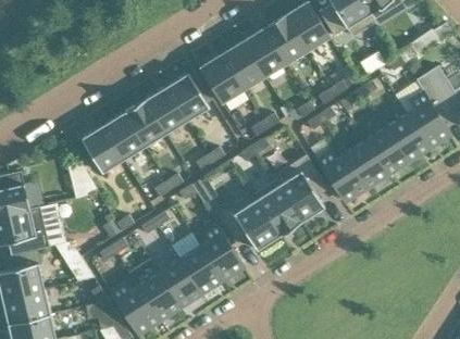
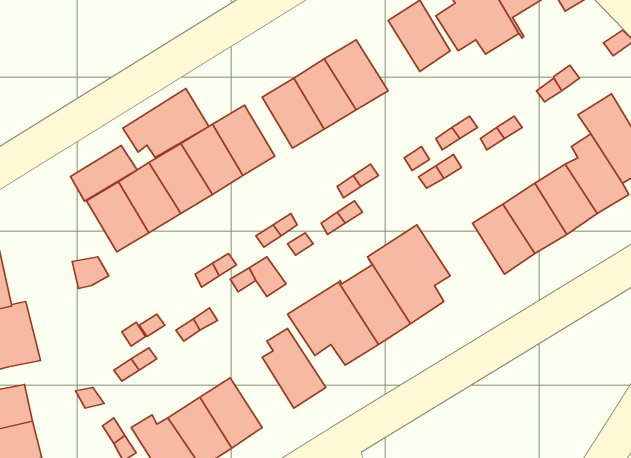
building: [264,16,308,64] -> none
building: none -> [123,89,209,157]
building: none -> [70,145,137,201]
building: [318,153,365,202] -> none
building: [178,246,222,293] -> none

